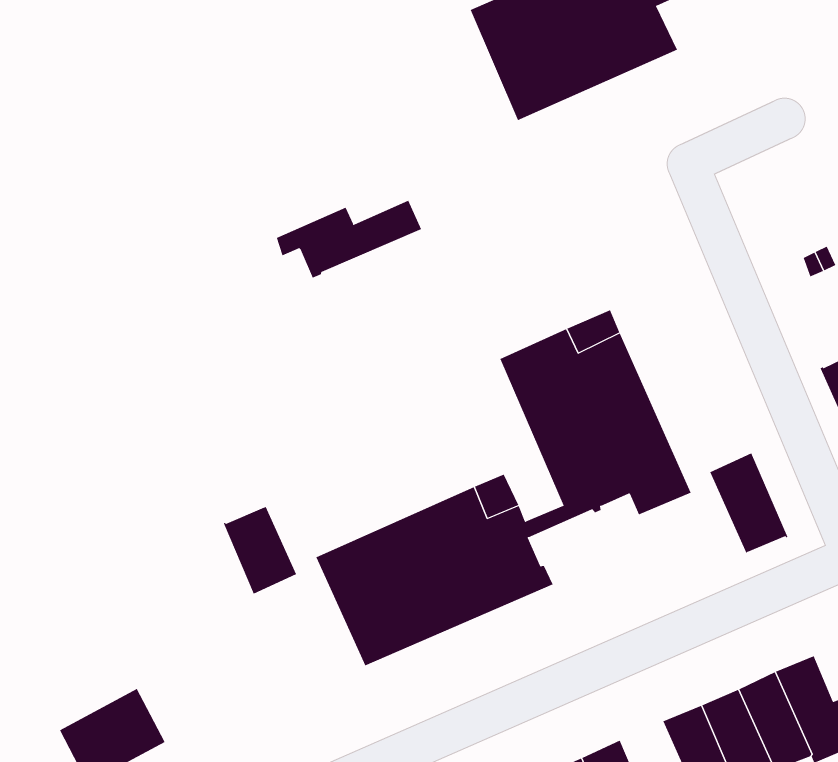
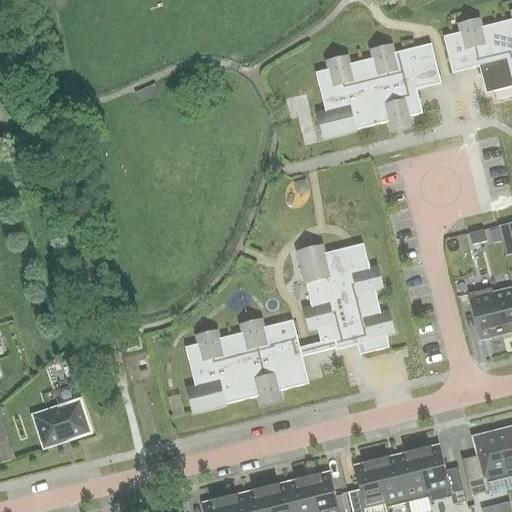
building: [276,200,422,278] -> none
building: [709,452,788,554] -> none
building: [223,506,297,594] -> none

